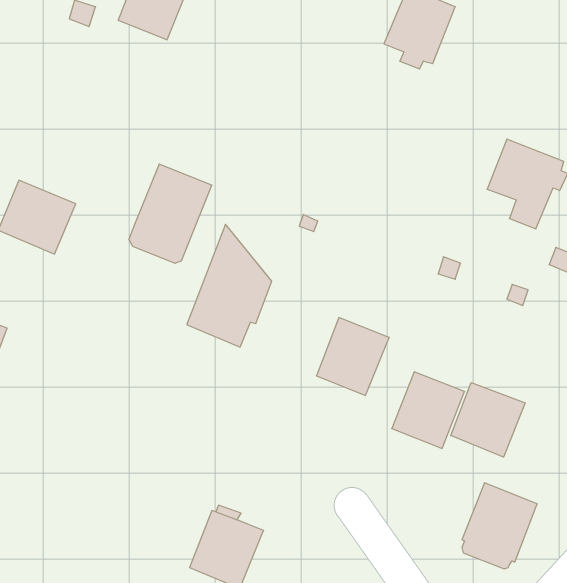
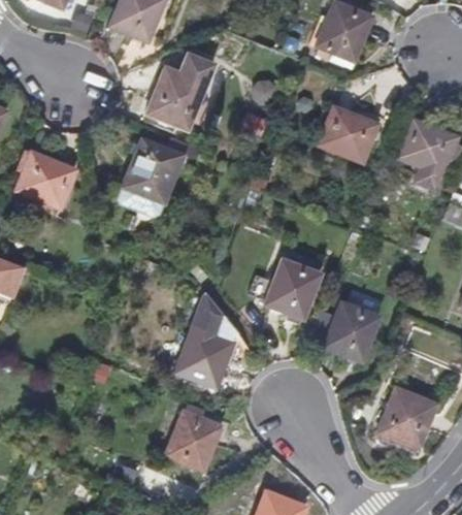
building: none -> [145,55,212,130]
building: none -> [317,104,378,162]
building: [187,224,272,347] -> [175,291,241,387]
building: [451,383,525,457] -> none

